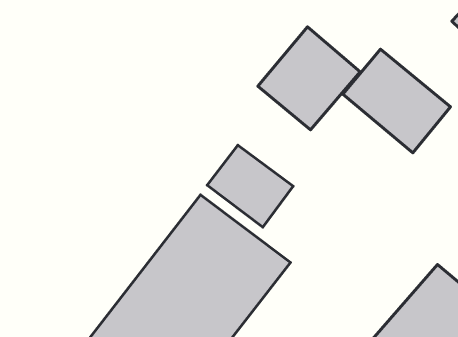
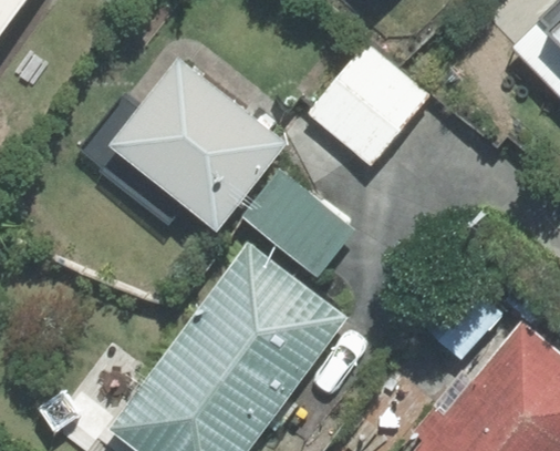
building: none -> [105,60,283,234]
building: [343,49,450,153] -> none

